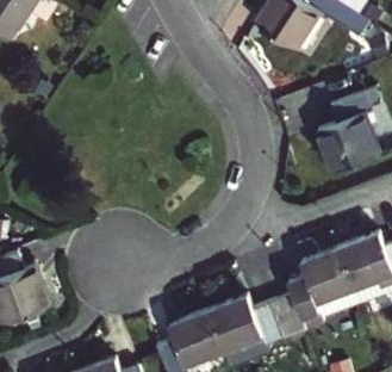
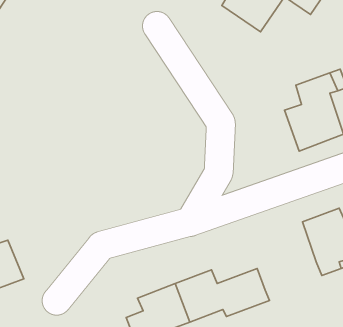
building: [288,244,355,316] -> none

